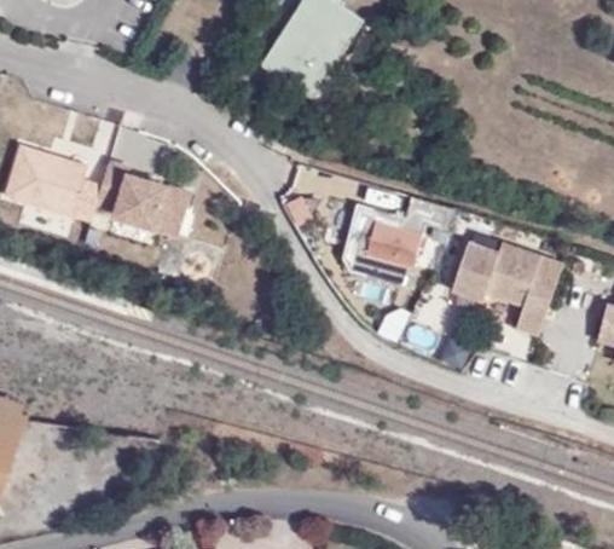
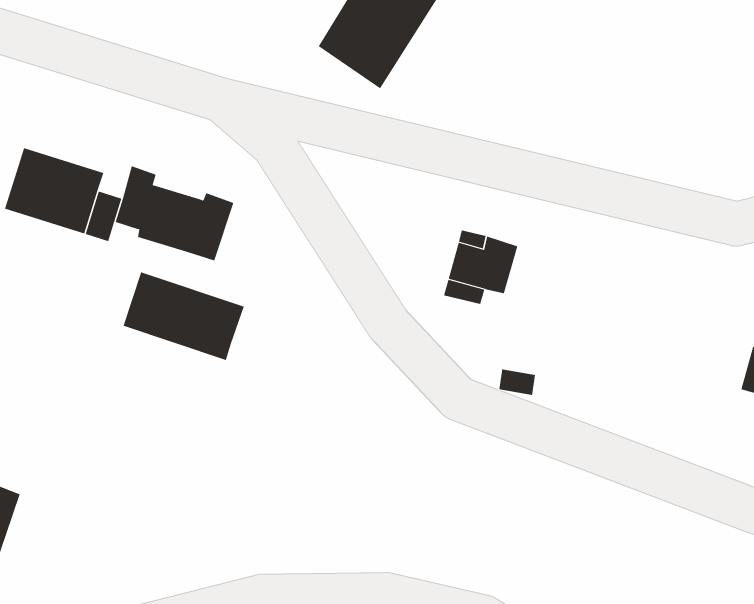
building: [451,241,563,331] -> none
building: none -> [123,271,244,361]

